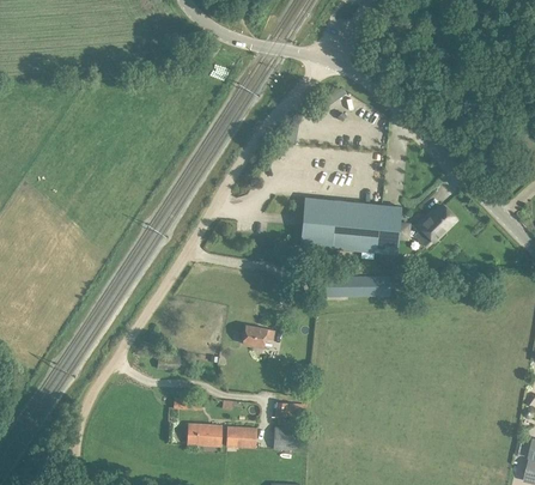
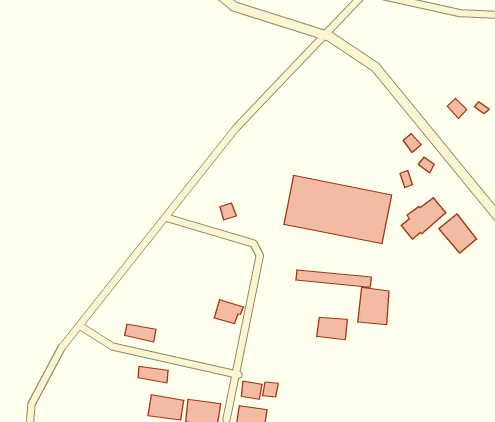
building: none -> [439,214,477,253]
building: none -> [358,287,389,325]
building: none -> [317,317,347,340]

